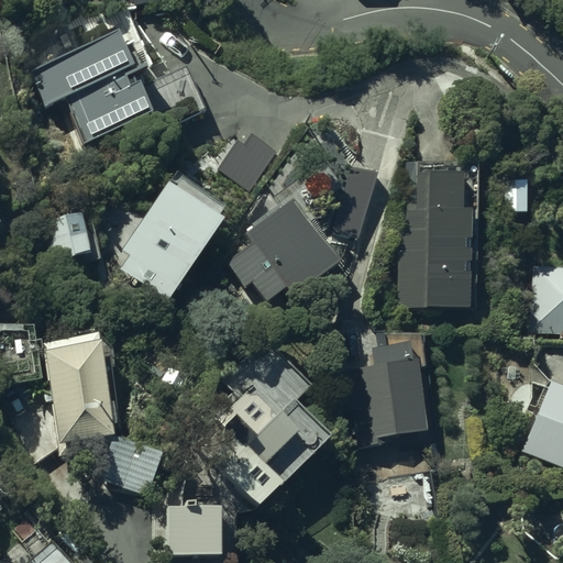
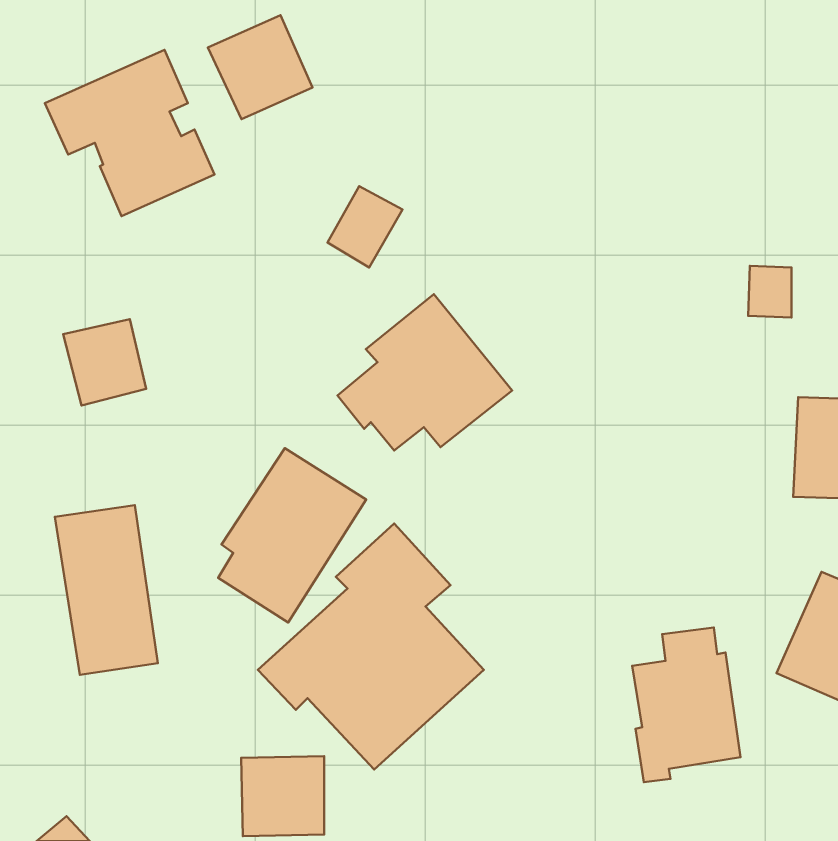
building: none -> [208,15,313,119]
building: [400,157,472,306] -> none
building: [123,184,221,299] -> [218,448,366,623]
building: [356,343,428,445] -> [632,628,740,782]
building: [103,439,162,493] -> none

